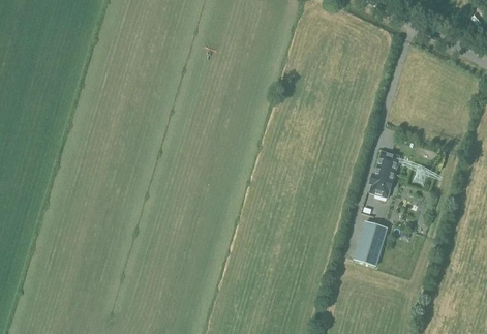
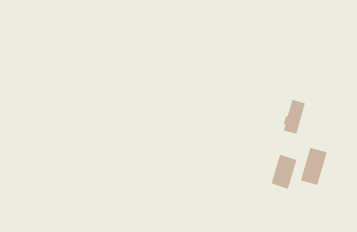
building: none -> [300,147,328,186]

